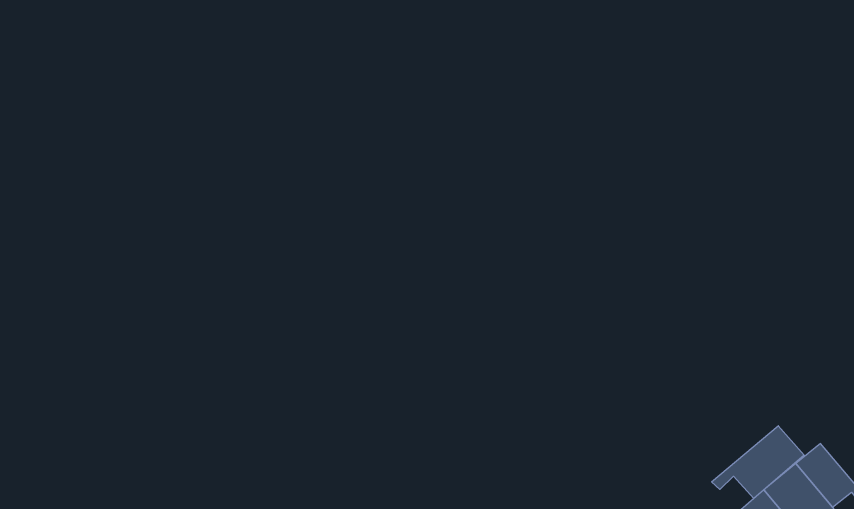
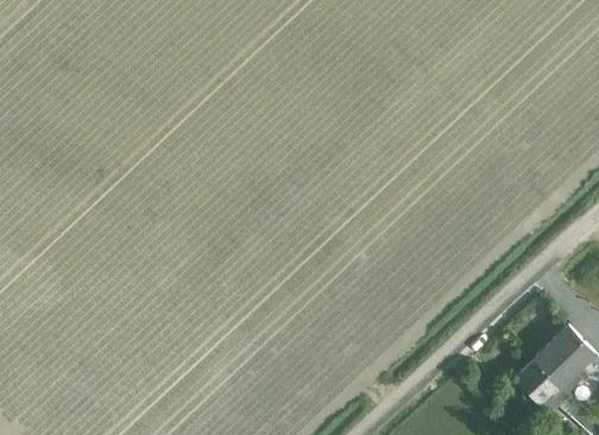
building: [712,426,804,498] -> none

